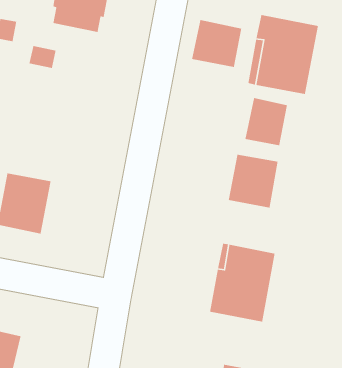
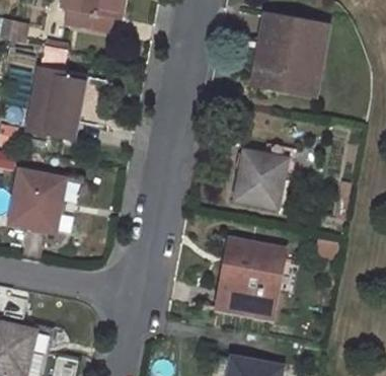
building: [191,19,242,68] -> none
building: none -> [29,70,86,138]
building: [245,97,288,146] -> none

